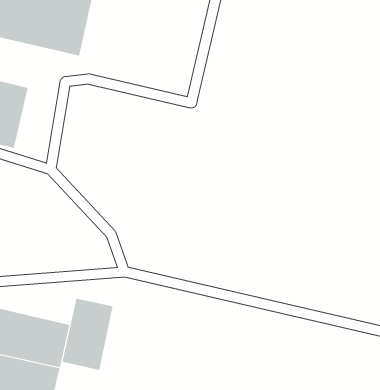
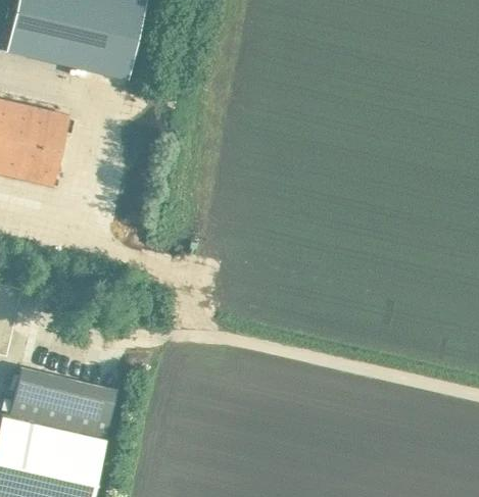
building: [62,298,113,371] -> none

